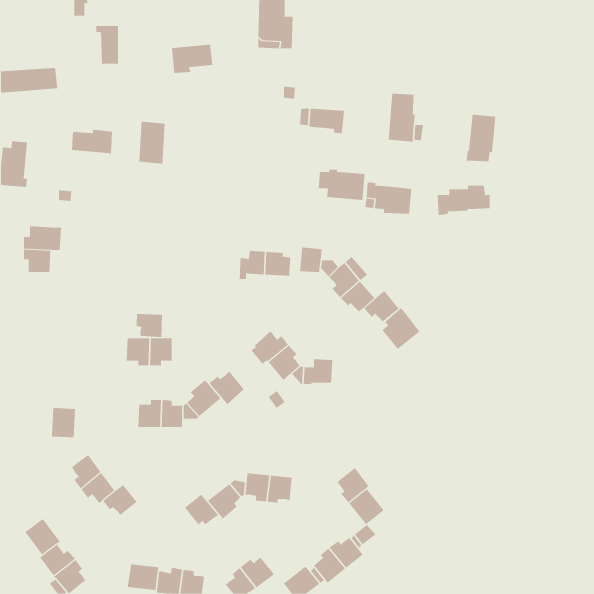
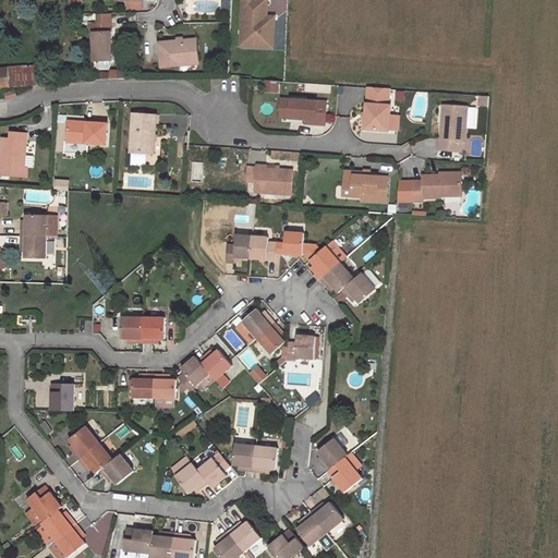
building: [318,169,366,201] -> [246,165,291,194]
building: [382,307,420,350] -> none
building: [136,313,162,338] -> none

